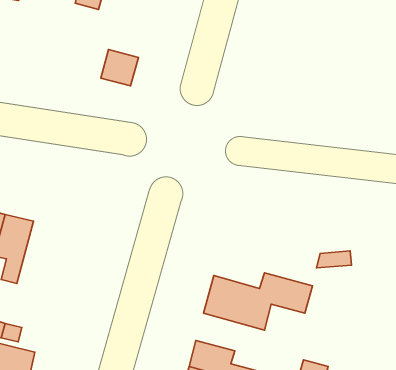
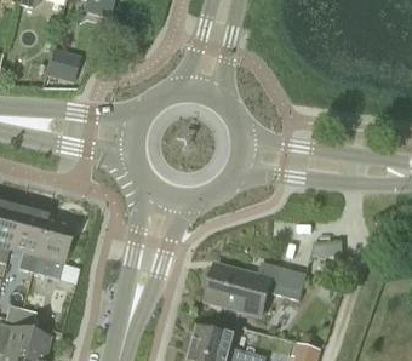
building: [101,50,138,86] -> [44,47,79,81]
building: none -> [30,213,73,279]

